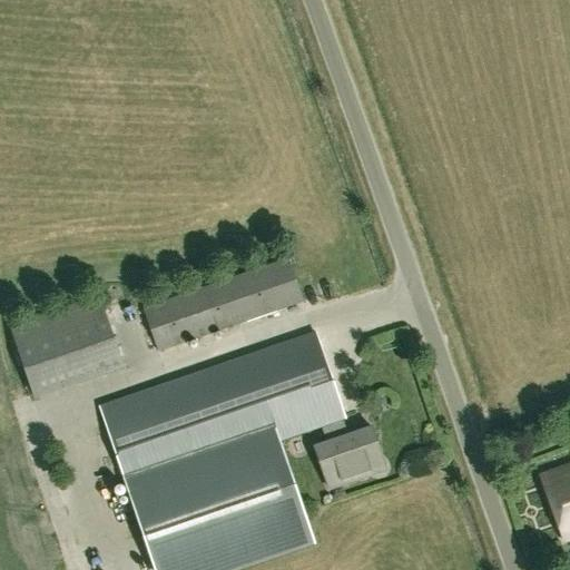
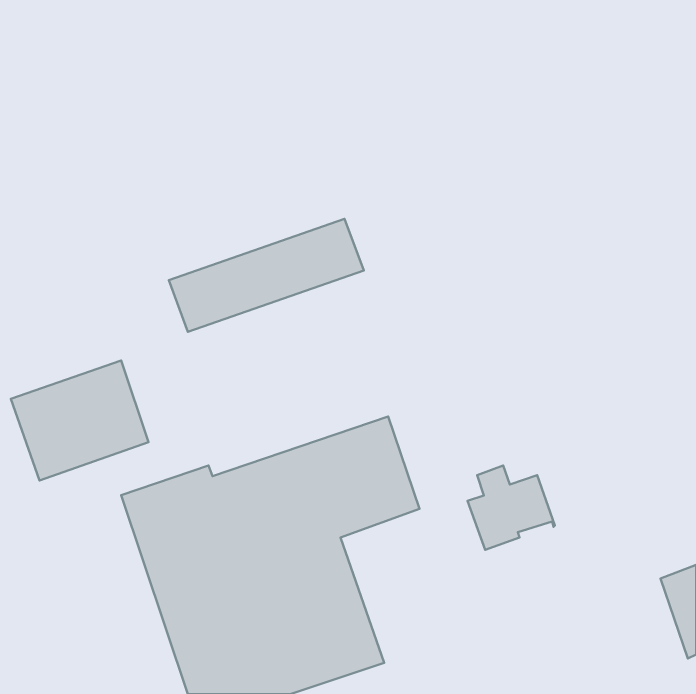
building: [144,257,303,350] -> [169,219,364,332]
building: [314,417,385,487] -> [468,466,555,550]

